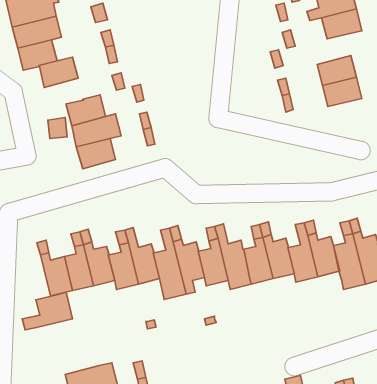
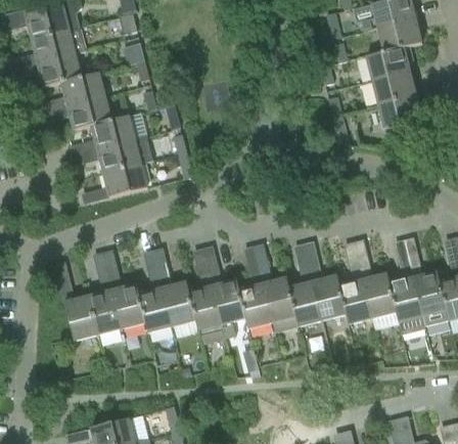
building: none -> [365,46,412,81]
building: none -> [66,96,110,130]
building: [22,292,73,330] -> none

